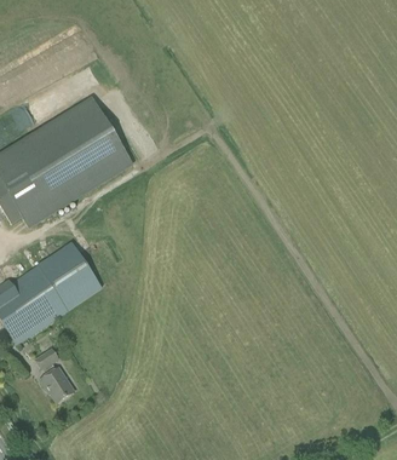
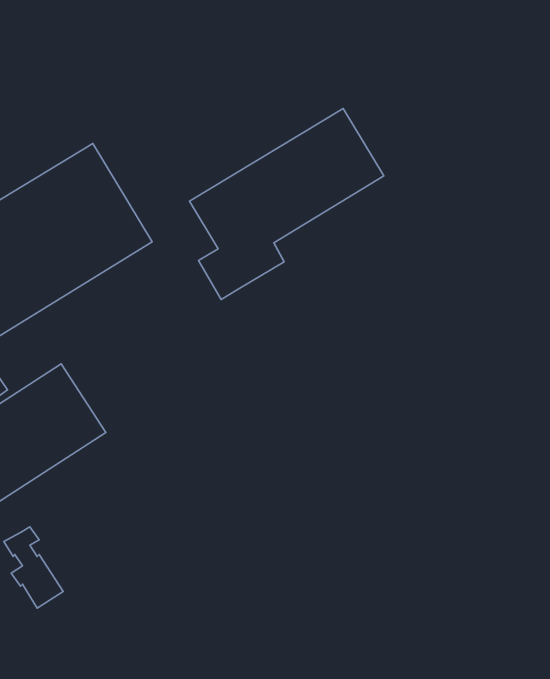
building: none -> [190,108,384,300]

